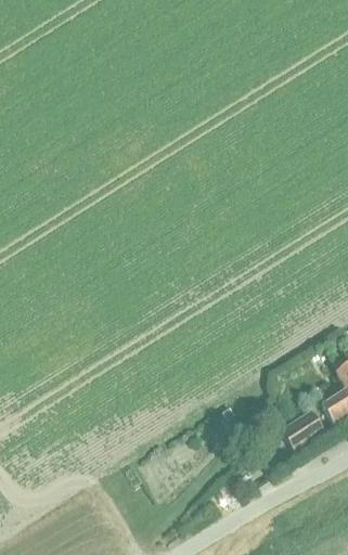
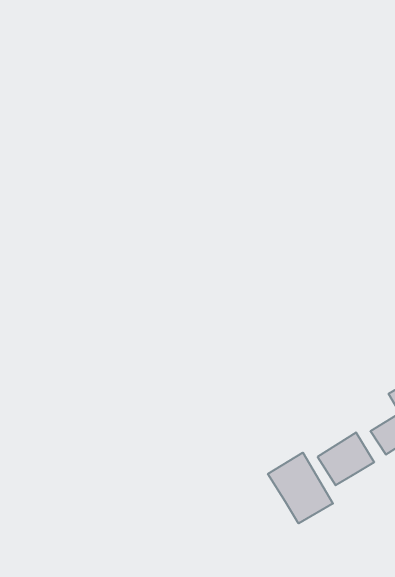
building: none -> [268,453,333,523]

